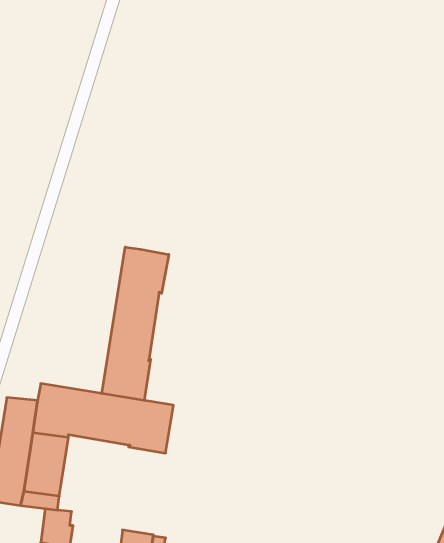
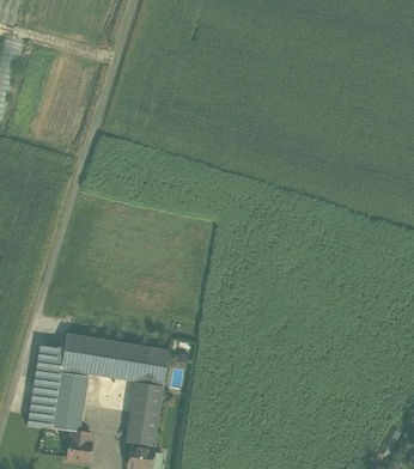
building: [102,247,169,400] -> none
building: none -> [126,380,163,444]

